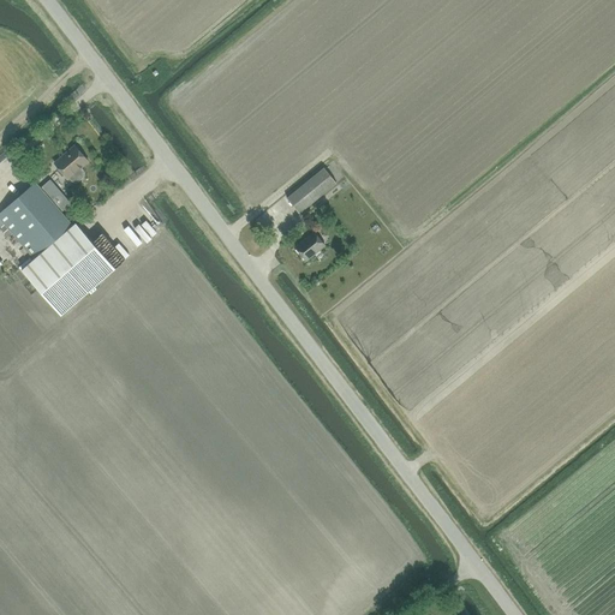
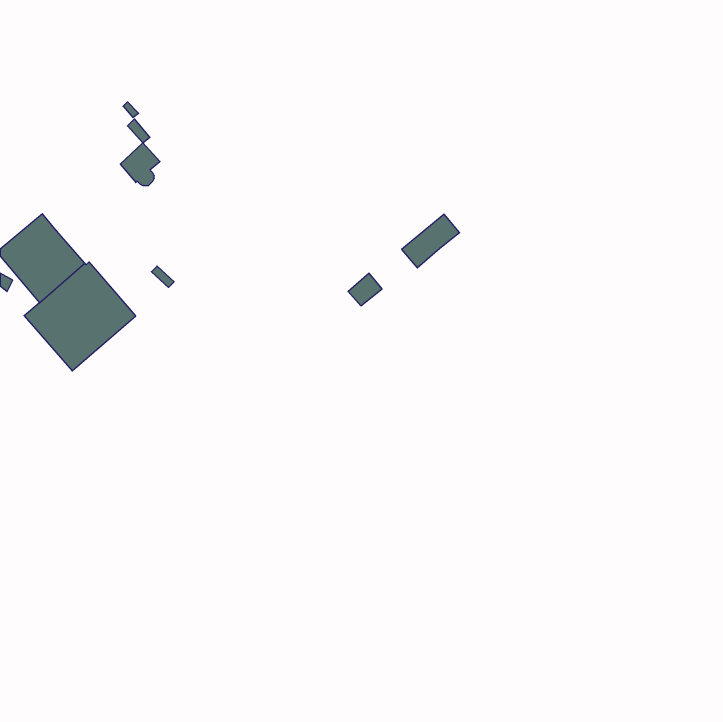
building: [55,145,89,181] -> [120,143,160,185]
building: [287,167,336,213] -> [402,214,460,268]

